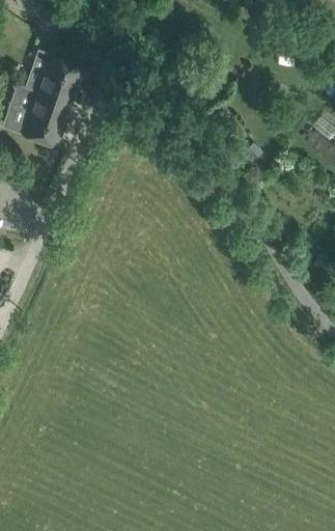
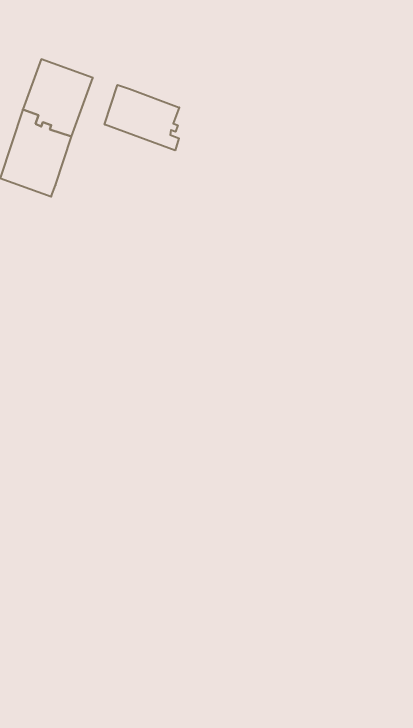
building: none -> [105,85,179,150]

